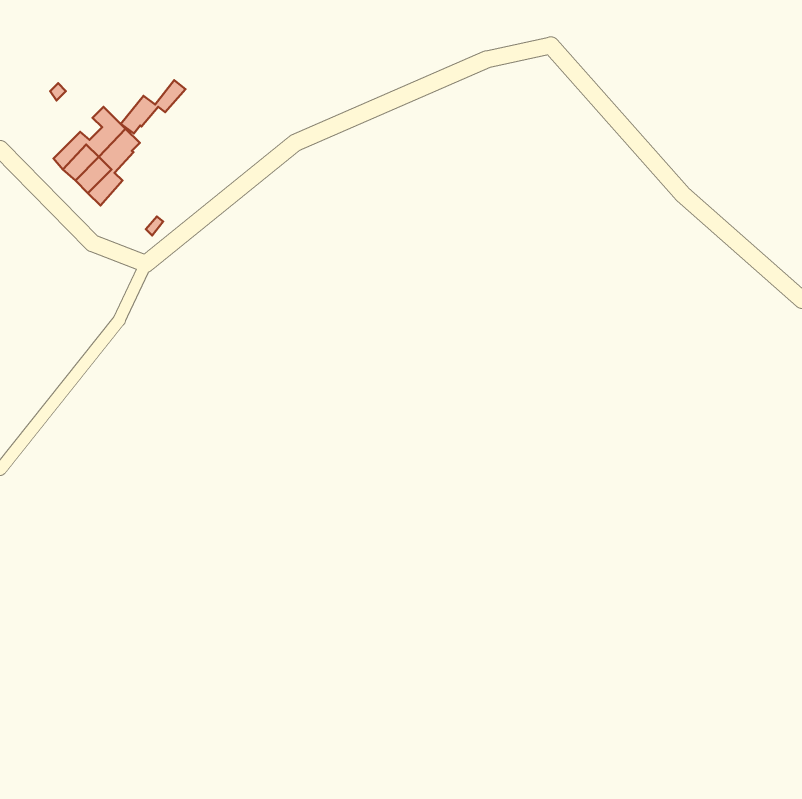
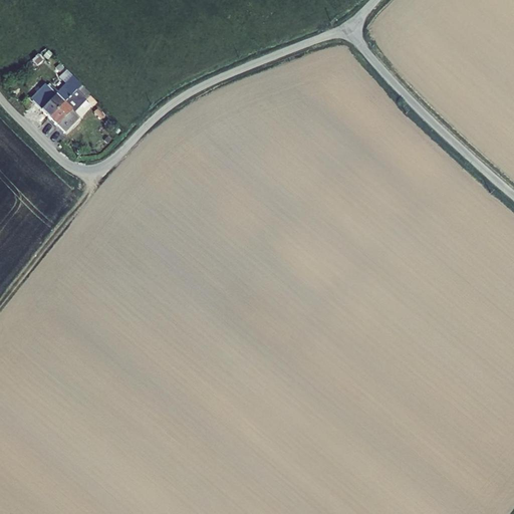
building: [121,80,186,134] -> none

